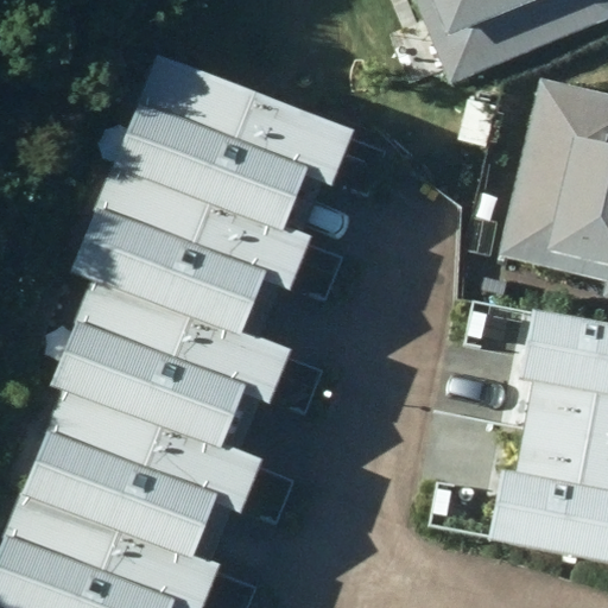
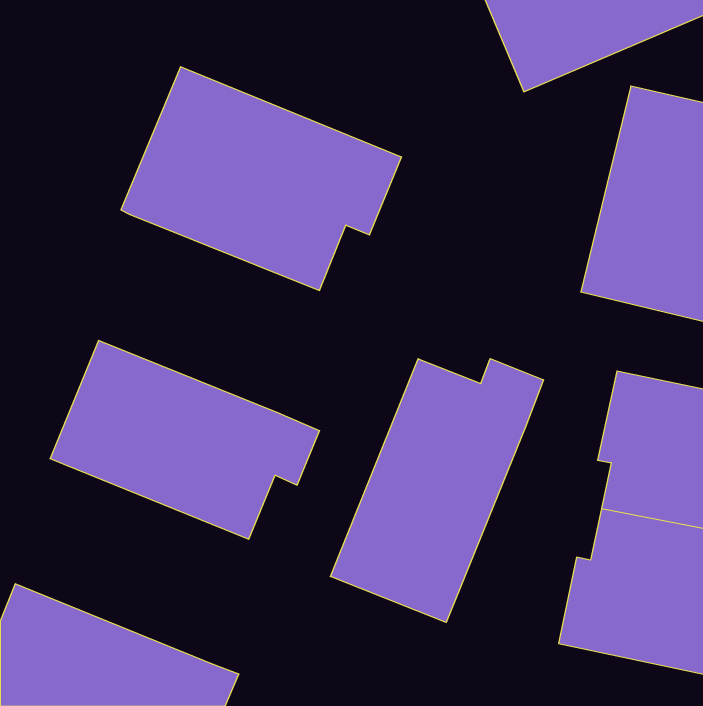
building: [74,183,305,353] -> none
building: none -> [330,359,543,622]
building: [19,397,249,568] -> none

